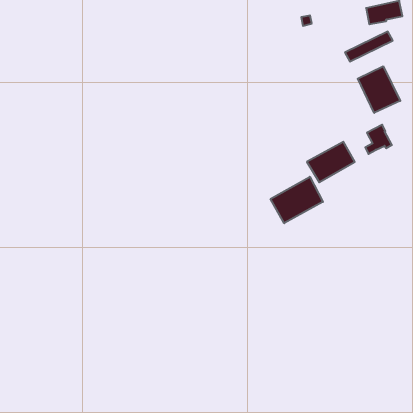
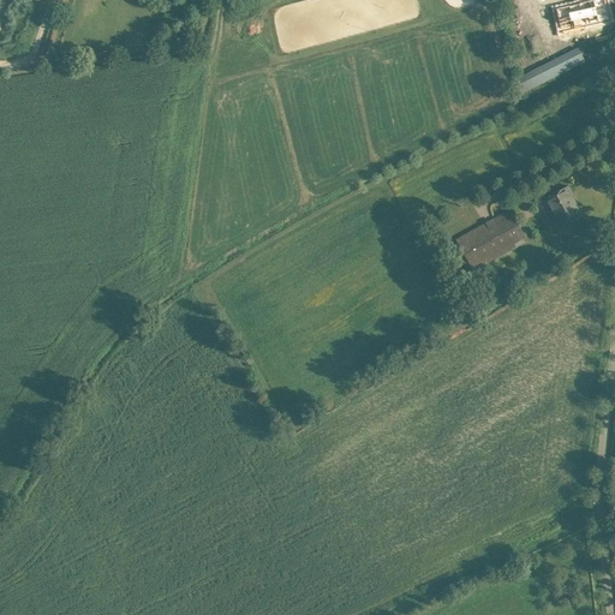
building: [358,66,400,113] -> none
building: [271,177,323,223] -> none

